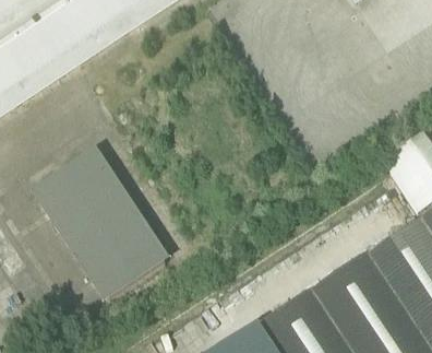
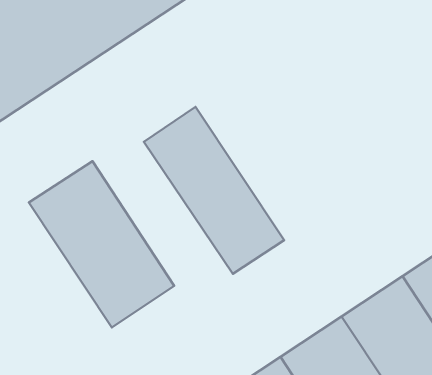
building: none -> [144,107,284,274]

